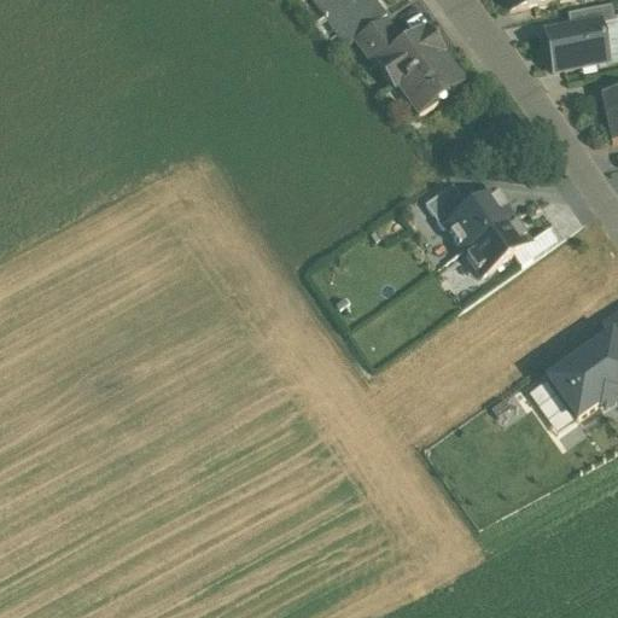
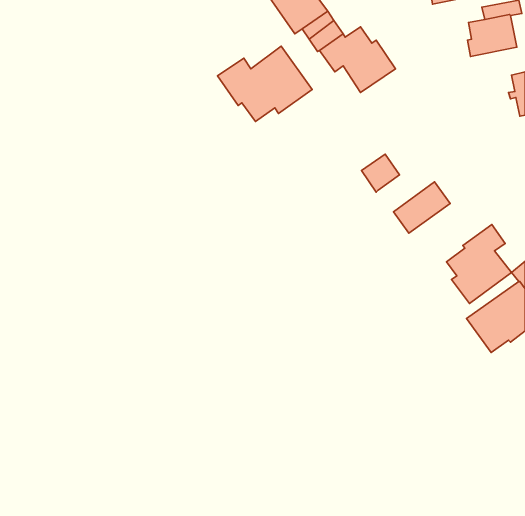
building: none -> [218,46,312,122]
building: [444,188,511,249] -> none
building: none -> [446,225,512,304]

